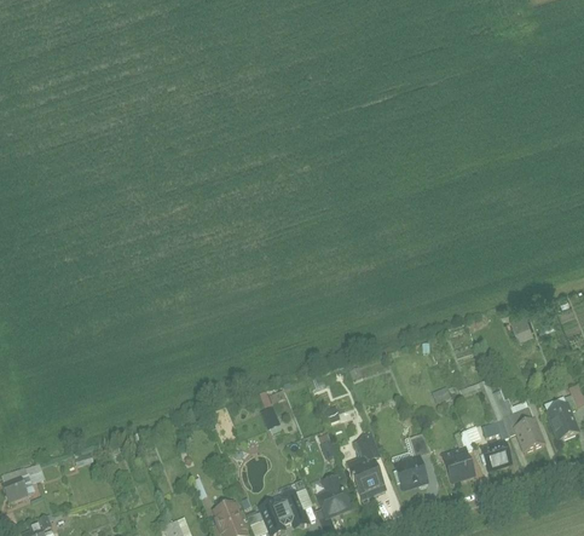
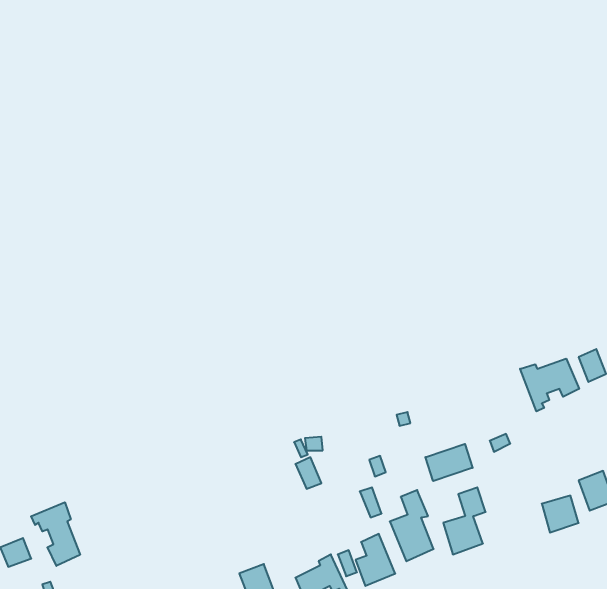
building: none -> [520,359,579,411]
building: none -> [425,444,473,481]
building: none -> [31,502,80,566]
building: [441,445,475,483] -> none

